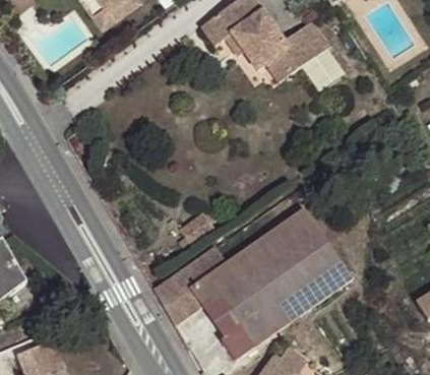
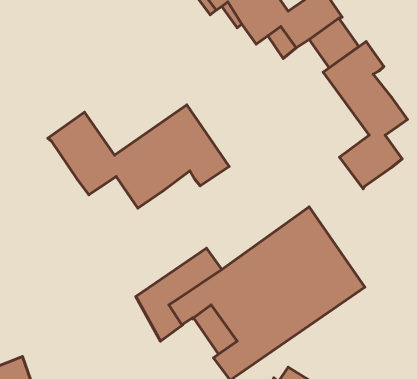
building: none -> [323,41,407,189]
building: none -> [48,105,229,208]

